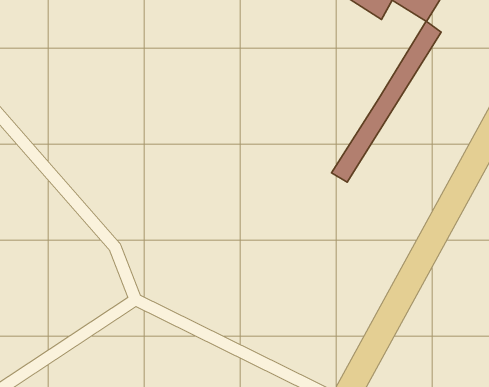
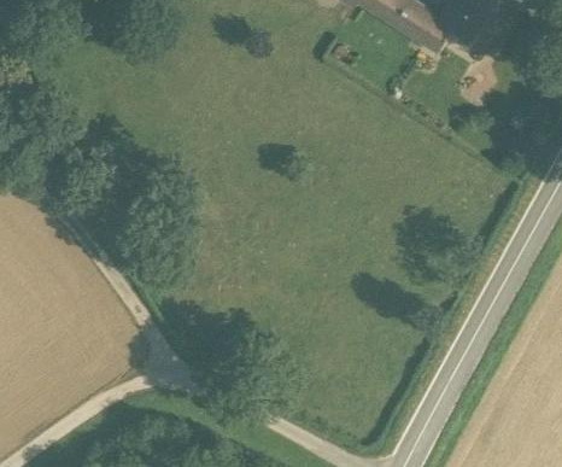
building: [331,21,441,182] -> none

